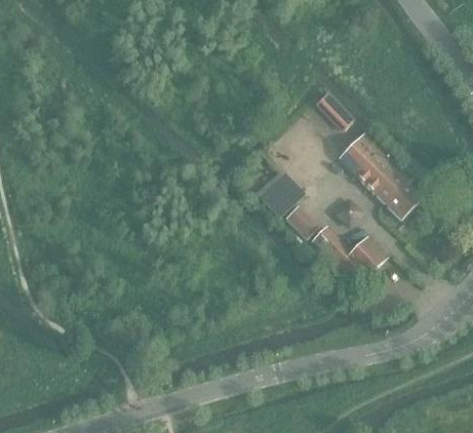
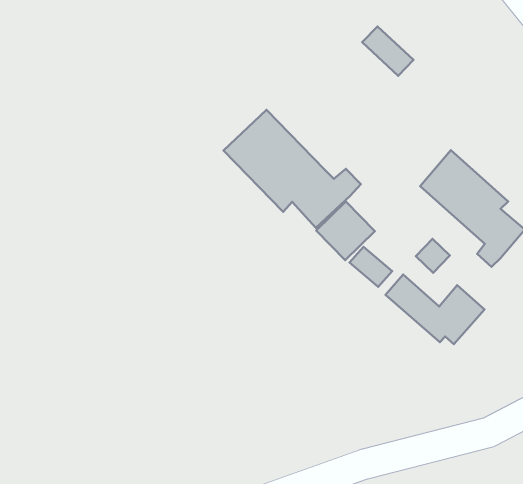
building: [315,91,353,129] -> [362,26,414,76]
building: none -> [224,110,361,228]

